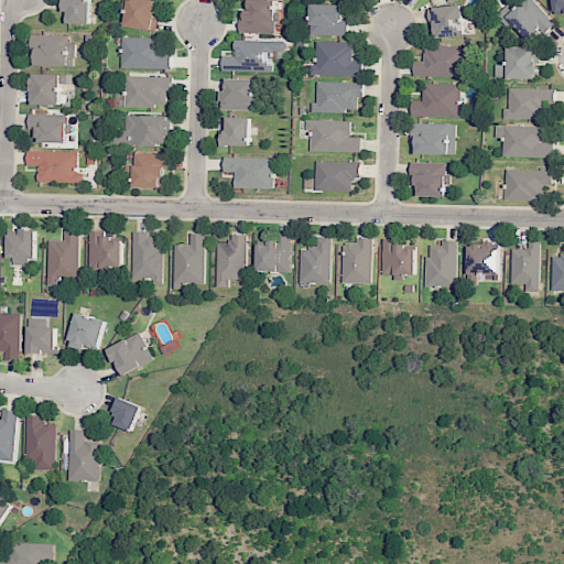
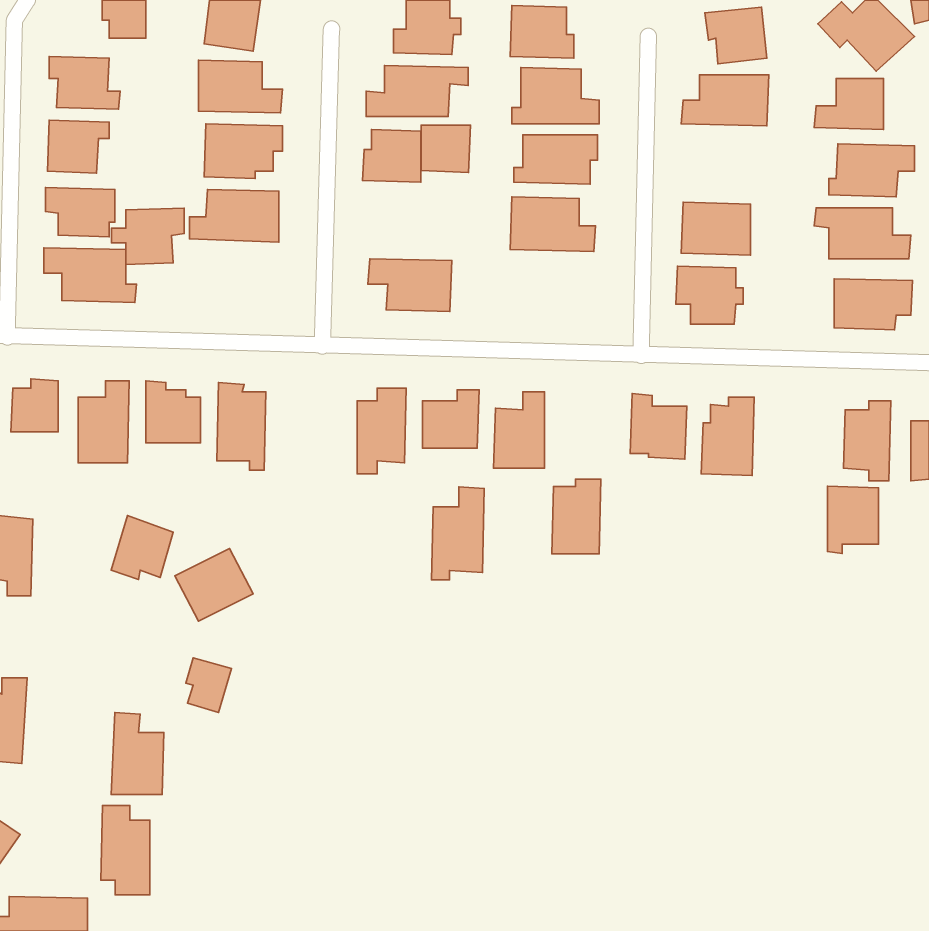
building: [410,83,458,117] -> none
building: [219,117,249,145] -> [421,125,470,172]
building: [124,153,169,187] -> [111,208,184,265]
building: [315,161,360,191] -> none
building: [173,232,205,289] -> [431,487,484,580]
building: [341,238,371,283] -> [552,479,601,554]
building: [467,245,498,285] -> [828,486,879,553]
building: [28,318,56,354] -> none
building: [24,415,54,469] -> [101,806,150,895]

